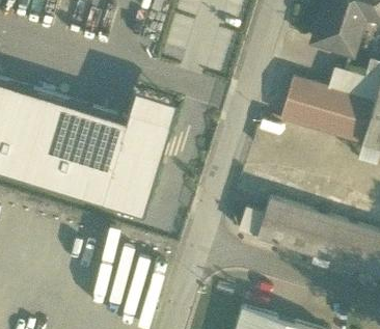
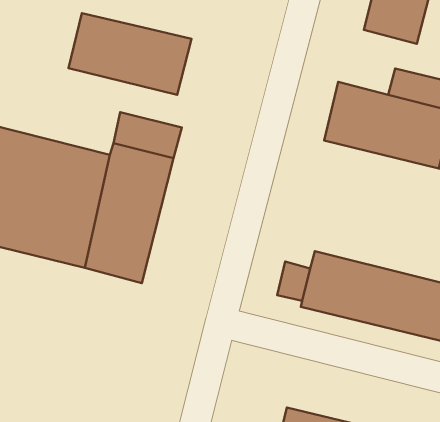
building: none -> [68,13,192,95]

